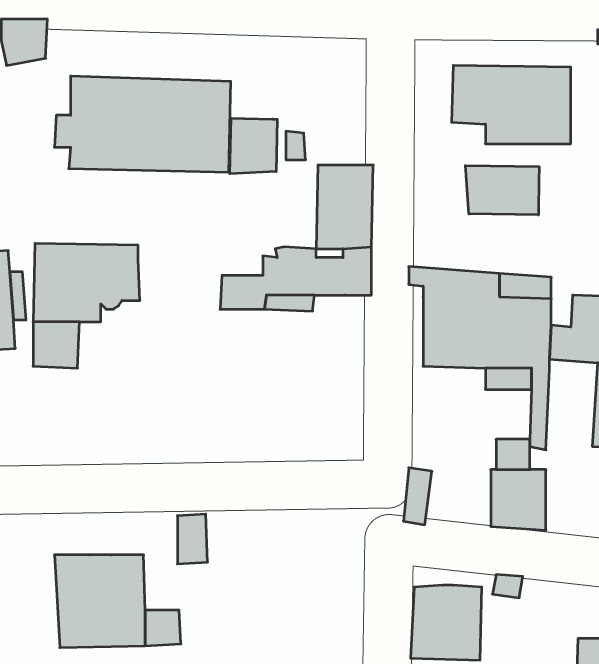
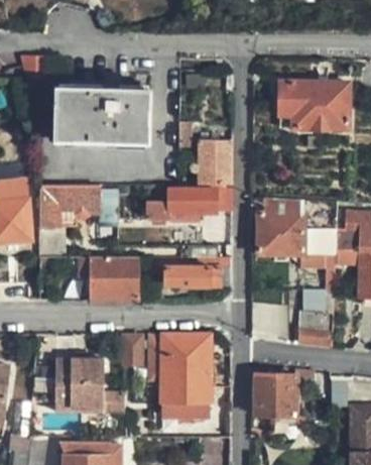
building: [230,118,277,174] -> none
building: [465,166,539,215] -> none
building: none -> [88,254,138,300]
building: none -> [162,257,220,289]
building: none -> [149,334,209,416]

